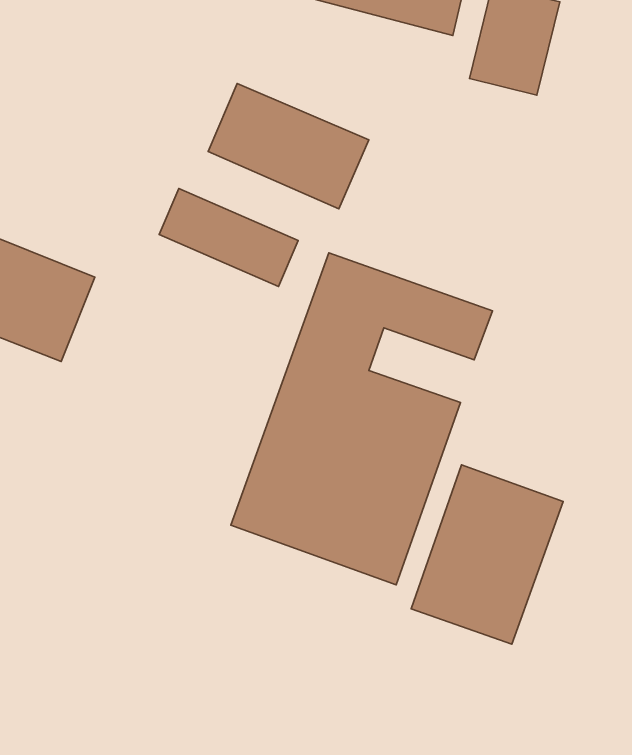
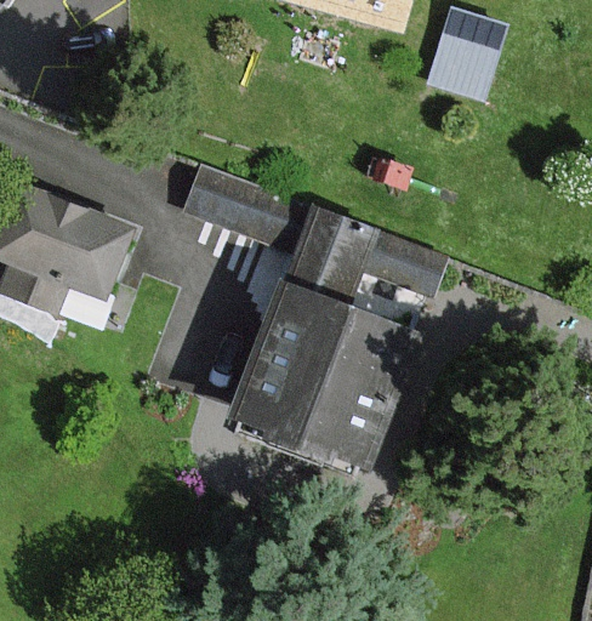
building: [208,83,369,209] -> none
building: [411,465,563,644] -> none

